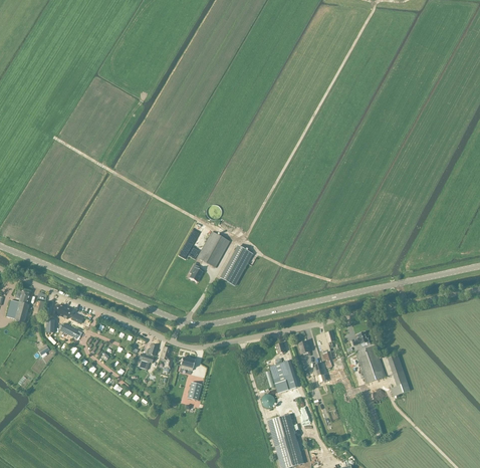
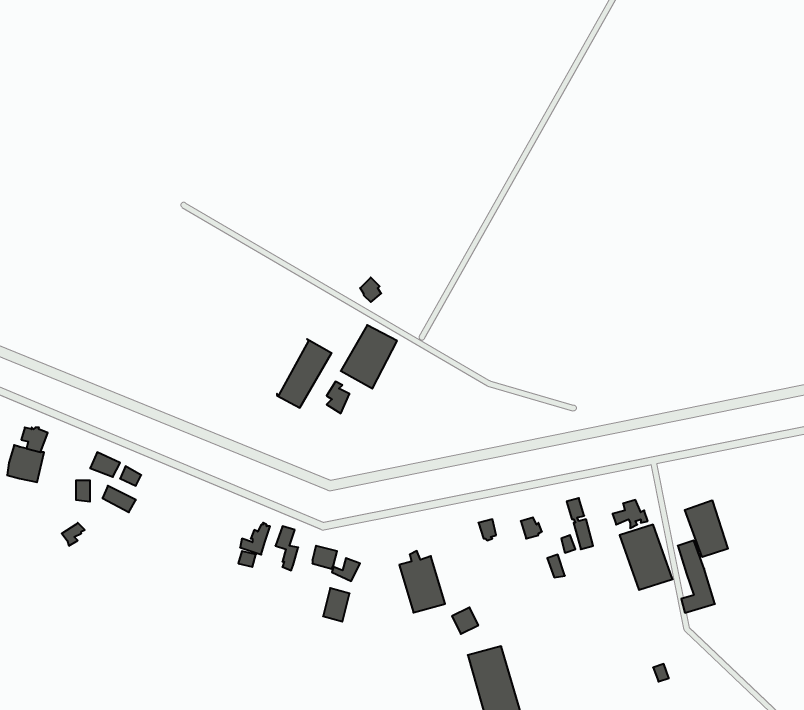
building: [221,246,252,285] -> [277,339,332,408]
building: none -> [685,500,728,557]
building: [270,358,296,393] -> [399,551,445,613]

